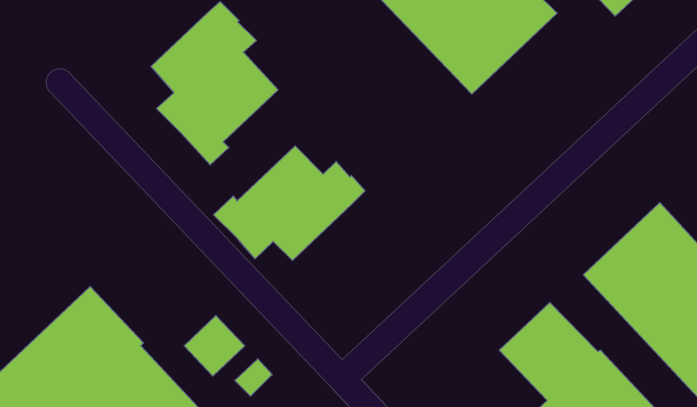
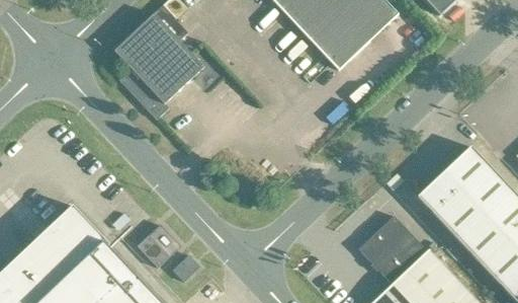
building: [214,146,365,260] -> none

